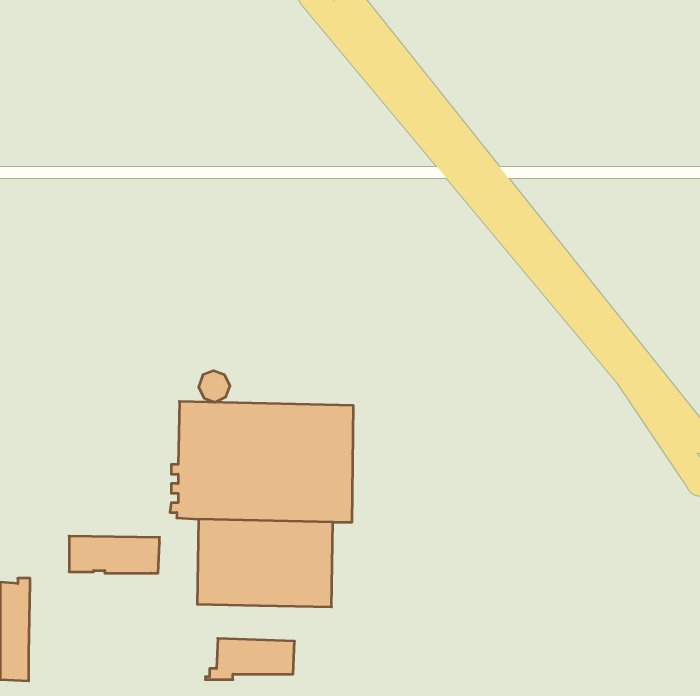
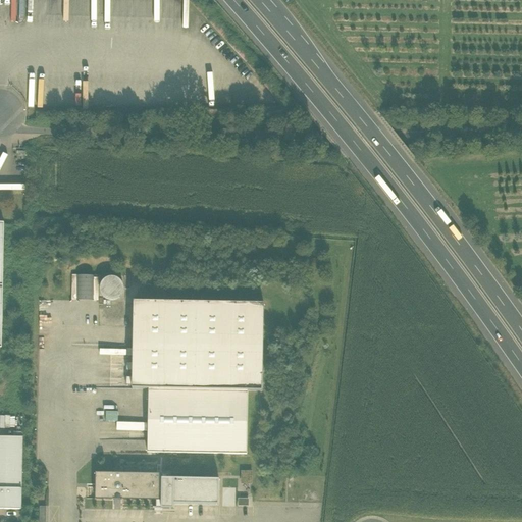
building: none -> [76,273,94,298]
building: [199,371,230,402] -> [100,274,123,298]
building: [69,536,160,573] -> [95,470,162,498]

